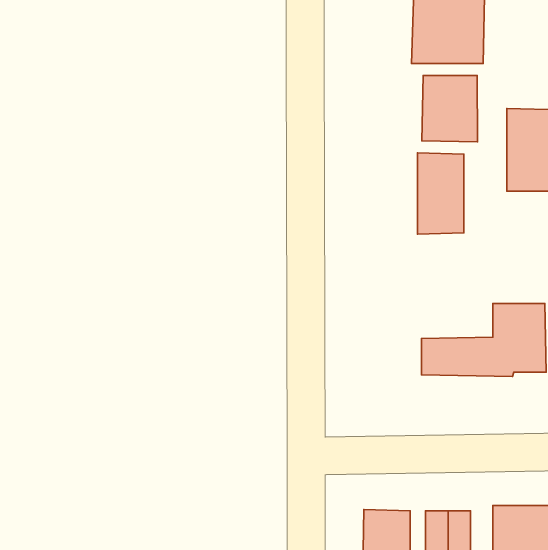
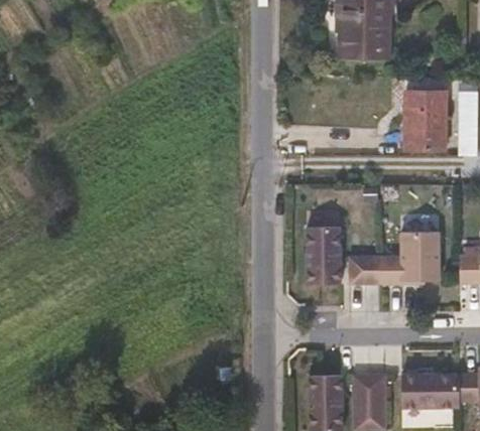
building: [422,75,478,142] -> none
building: [417,153,464,234] -> [306,224,339,282]

